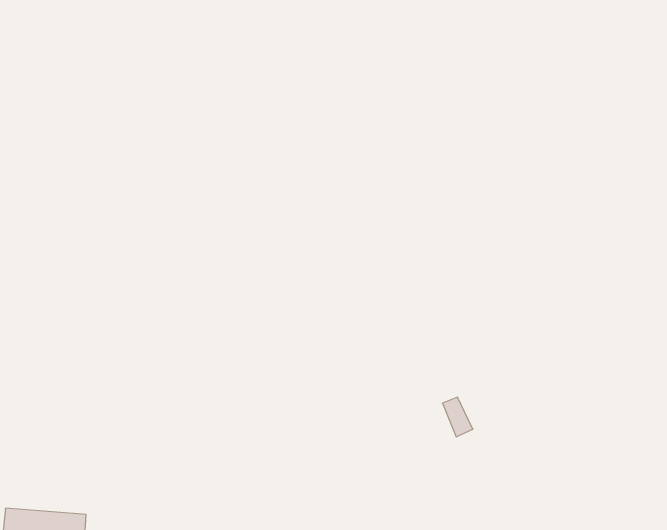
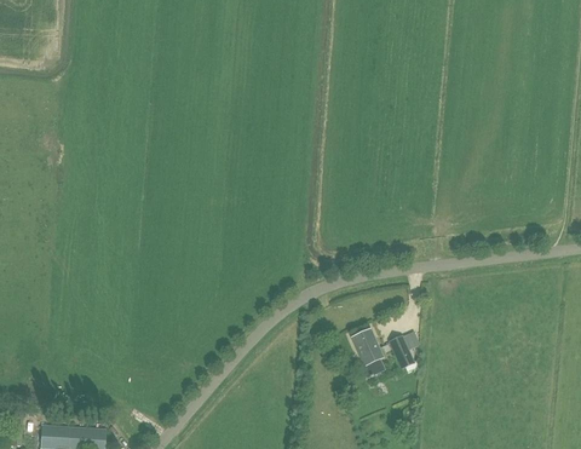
building: none -> [351,328,384,378]

